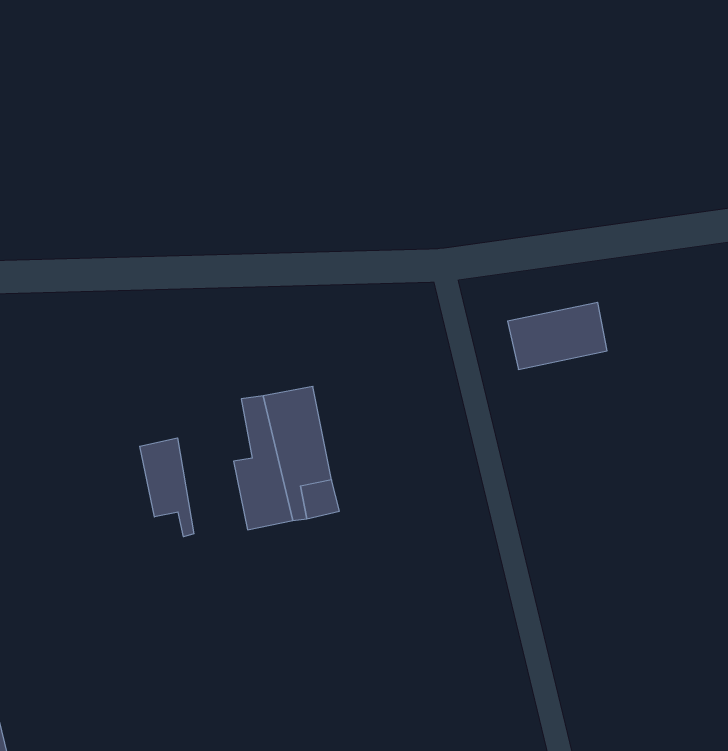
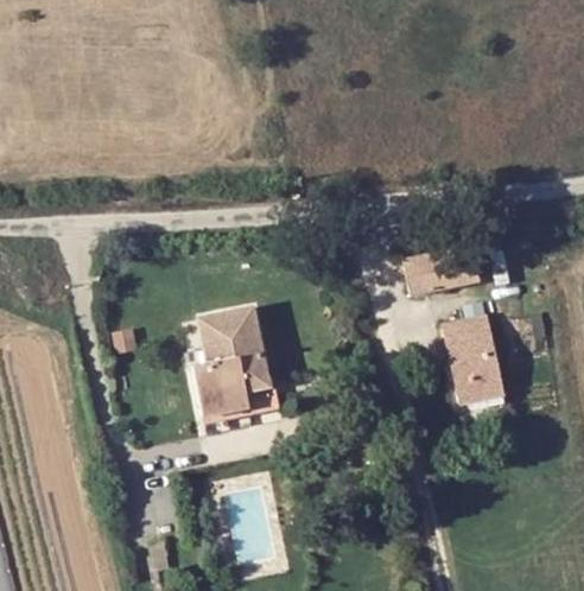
building: none -> [443,317,503,403]
building: [140,438,194,537] -> none

